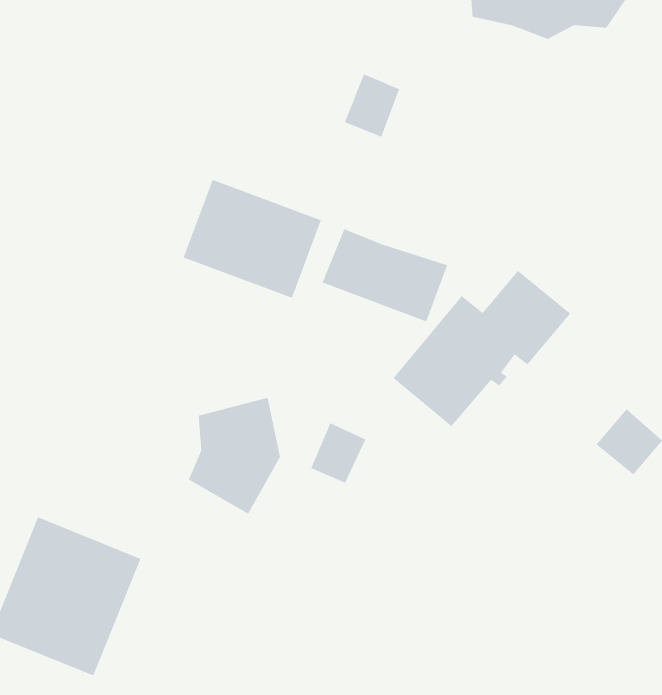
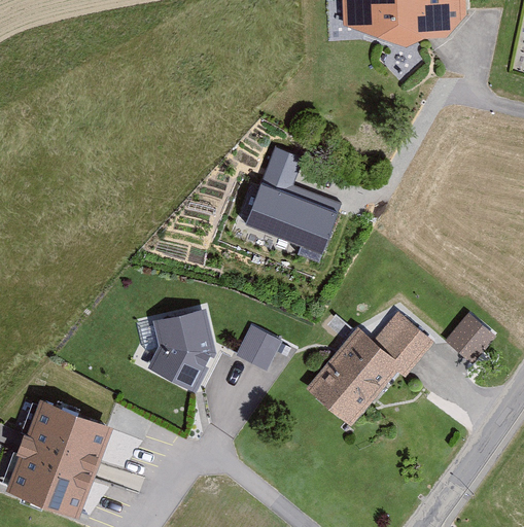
building: [344,73,400,138] -> [260,146,302,194]
building: [183,179,322,299] -> none
building: [393,270,571,427] -> [306,311,436,426]

